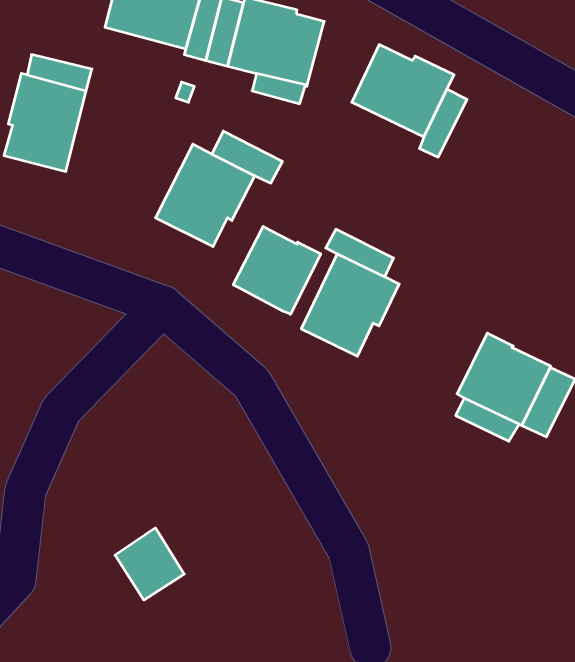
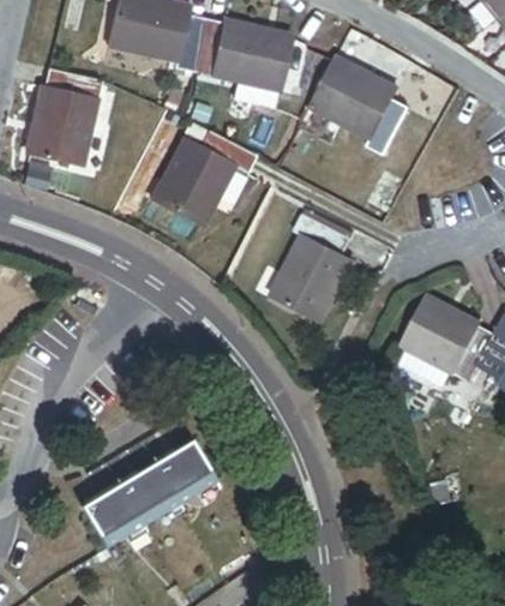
building: [233,226,321,314] -> none
building: none -> [151,438,209,498]
building: none -> [82,482,142,542]

